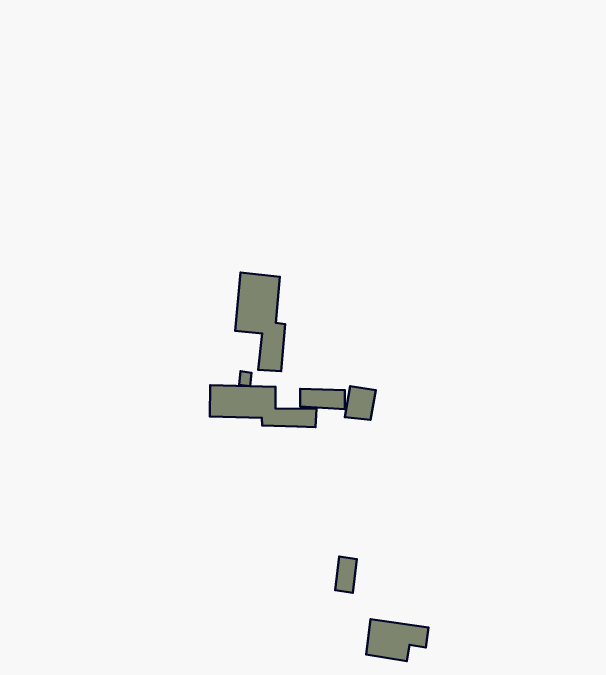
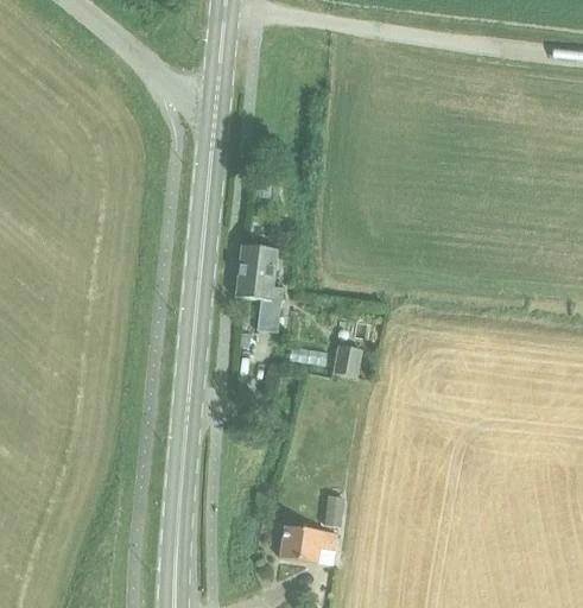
building: [210,385,317,427] -> none
building: [366,619,429,661] -> [280,524,335,560]

